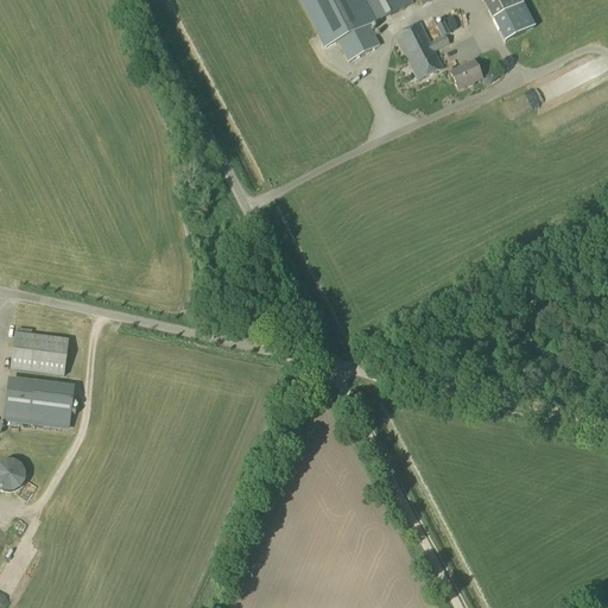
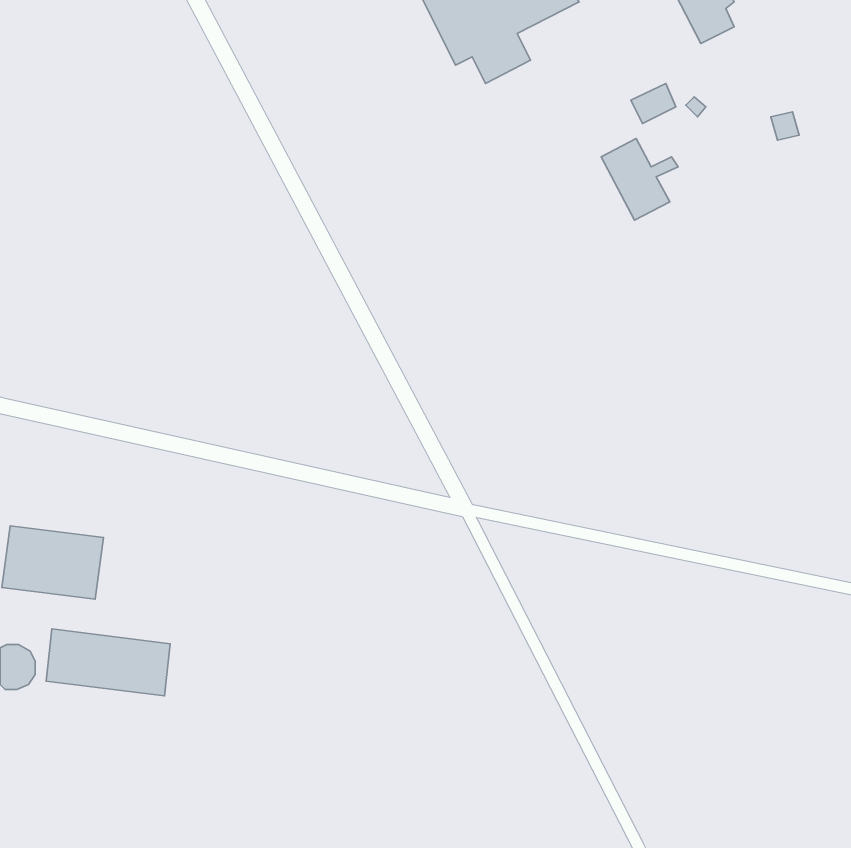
building: [395,21,450,80] -> [601,138,678,220]
building: [11,331,69,374] -> none
building: none -> [46,629,170,696]

